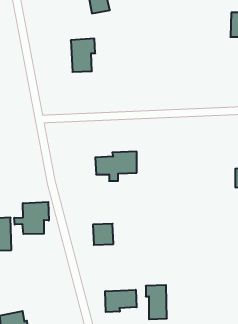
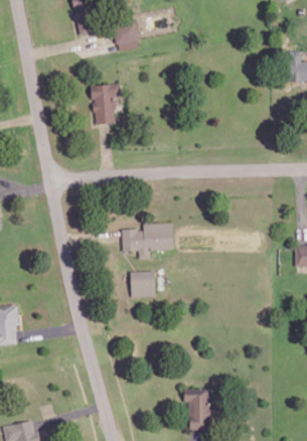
building: [14,202,49,234] -> none
building: [93,224,113,245] -> [130,271,155,297]
building: [105,290,137,312] -> none

